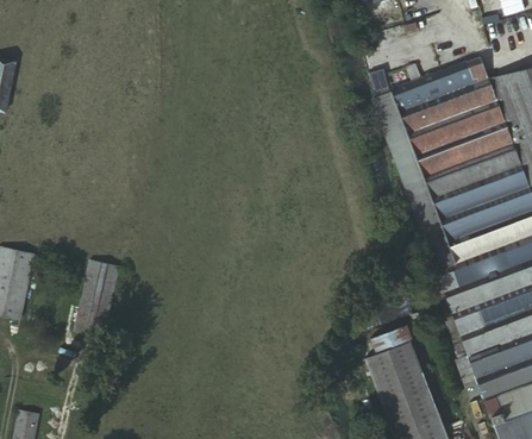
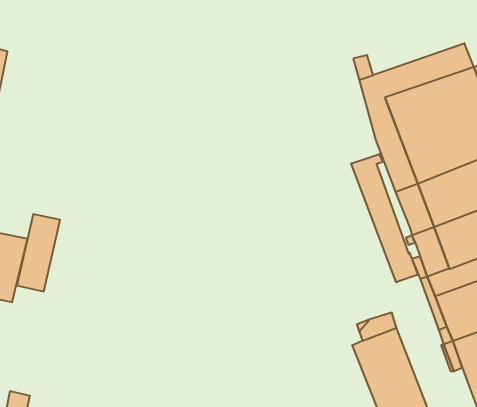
building: none -> [351,154,418,282]
building: [77,259,121,338] -> [17,214,60,291]

